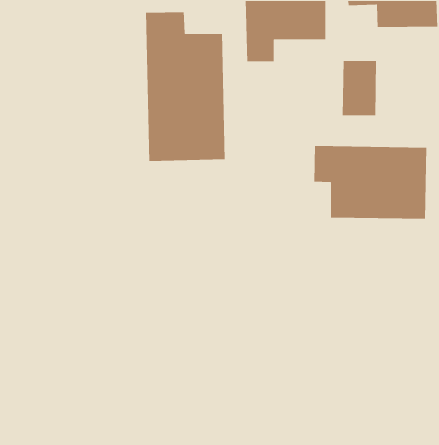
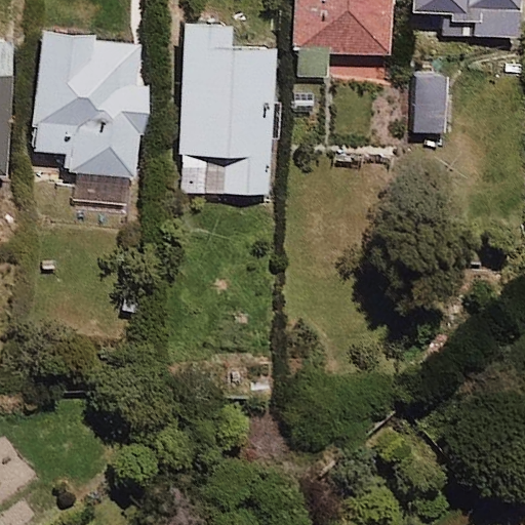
building: none -> [36,25,143,204]
building: [314,145,427,220] -> none

